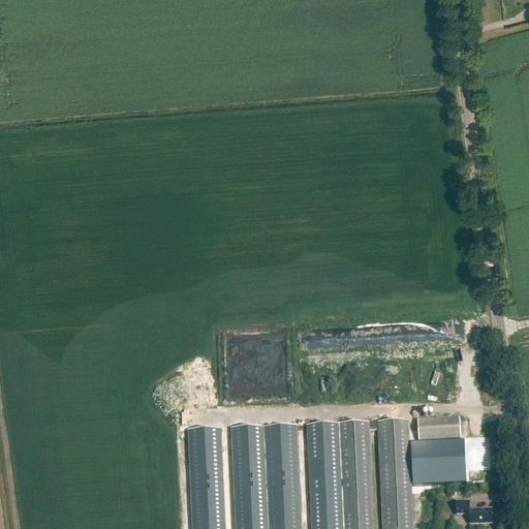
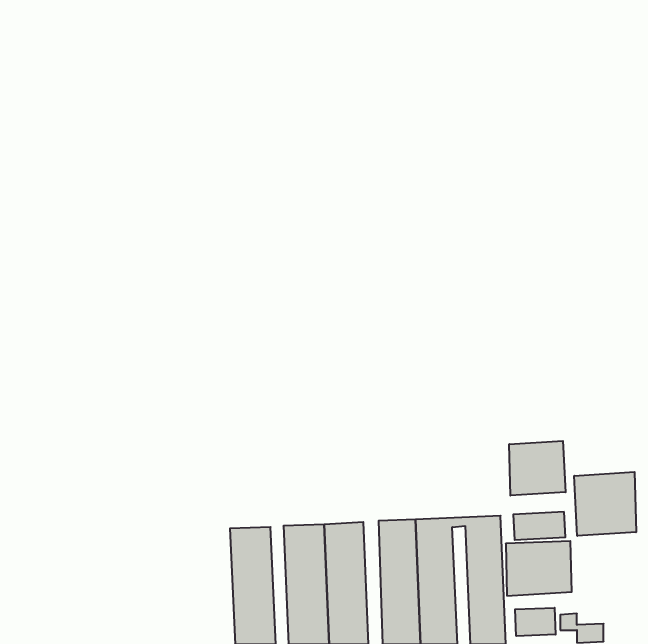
building: none -> [509,441,566,496]
building: none -> [574,472,636,536]
building: none -> [515,608,556,636]

